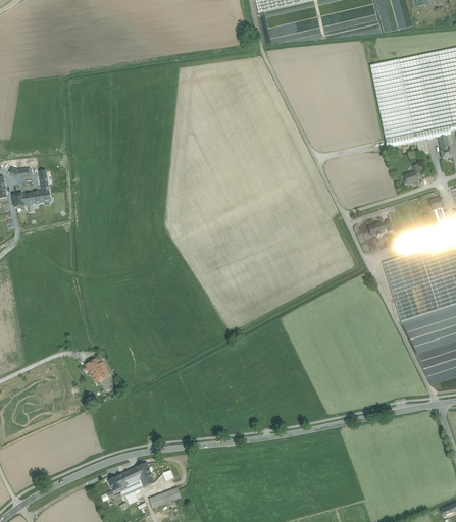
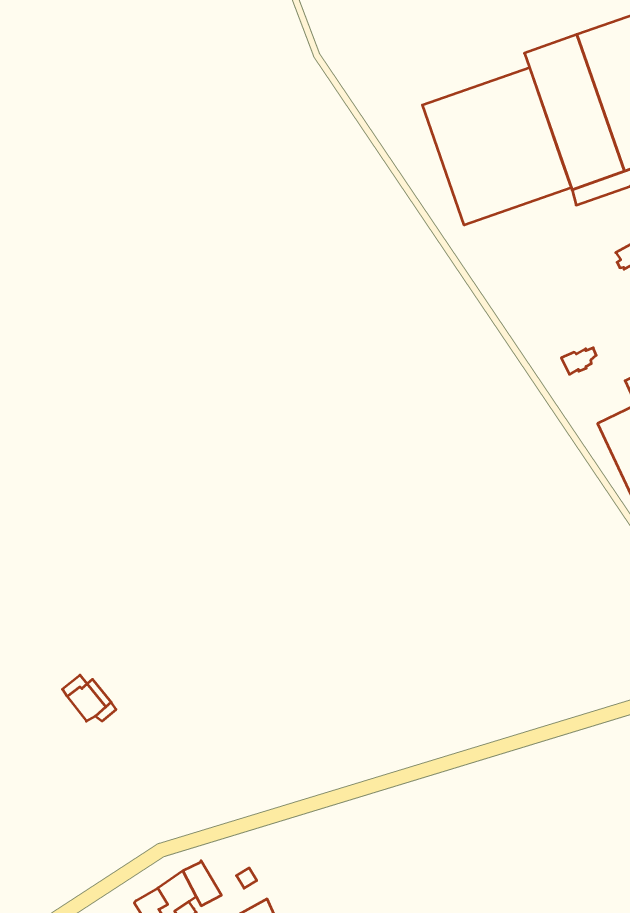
building: none -> [422,68,571,225]

